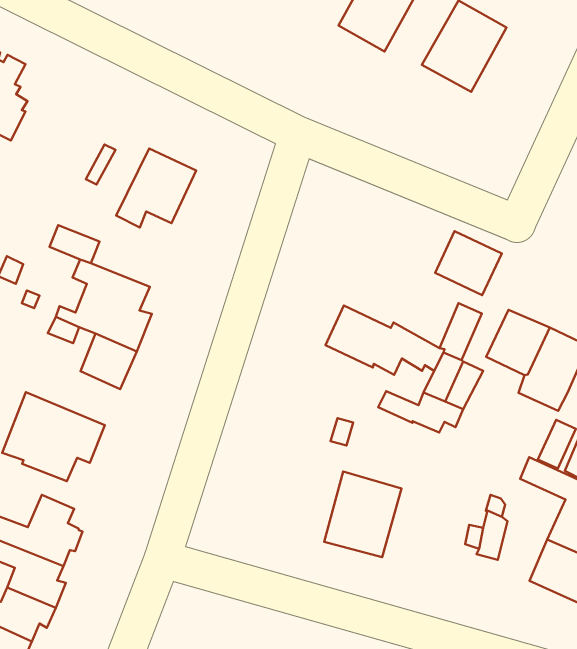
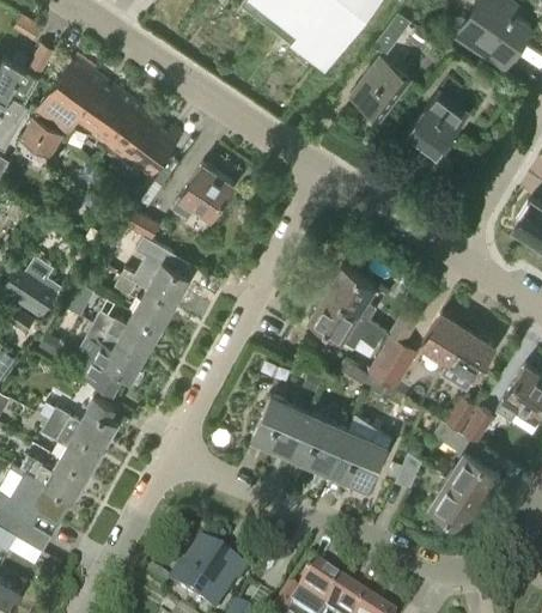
building: none -> [106,93,182,178]
building: [435,231,502,295] -> [325,268,374,316]
building: none -> [92,311,159,357]
building: none -> [250,396,309,461]
building: none -> [328,431,388,494]

